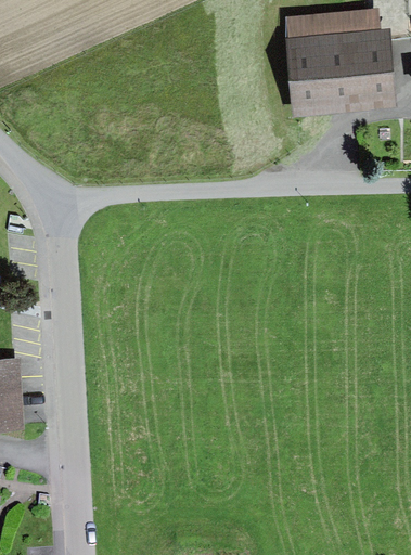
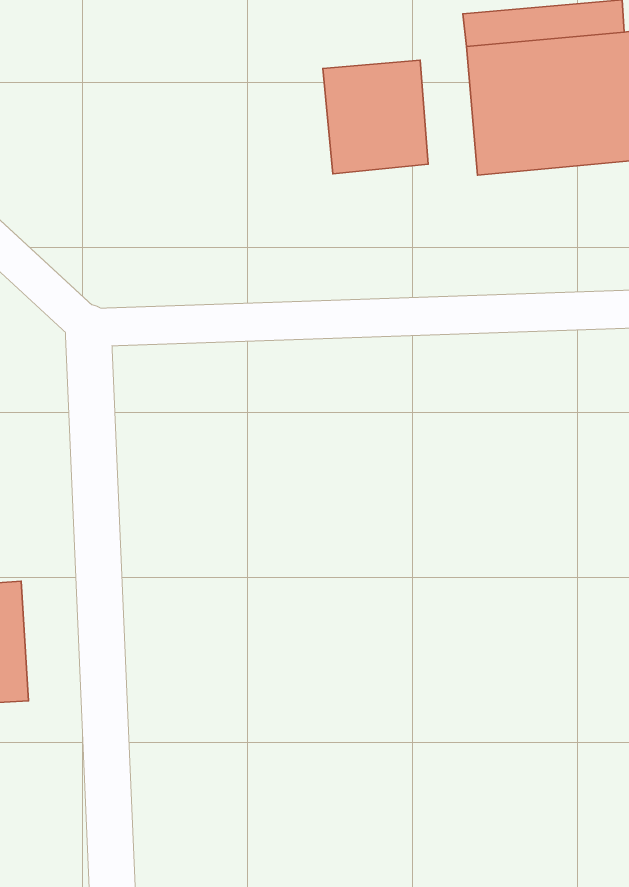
building: none -> [323,60,428,174]

